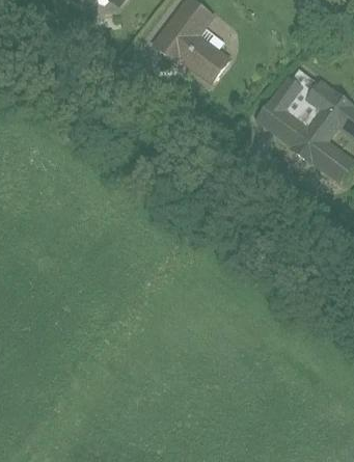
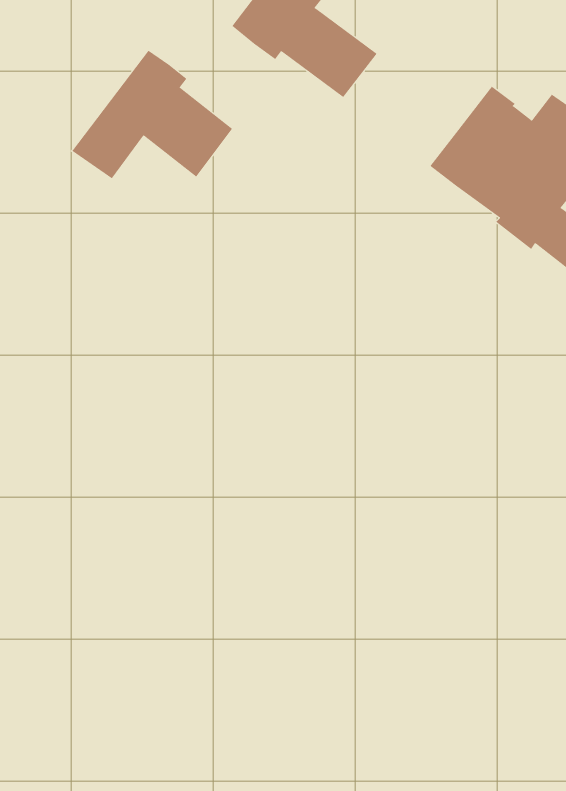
building: none -> [71,50,233,179]

